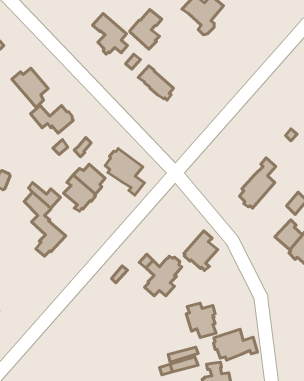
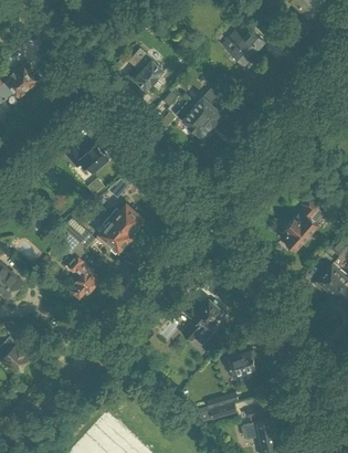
building: [130,9,162,49] -> [192,86,225,127]
building: [12,68,48,108] -> none
building: [105,149,145,195] -> none
building: [184,231,218,270] -> none
building: [214,329,258,360] -> none

